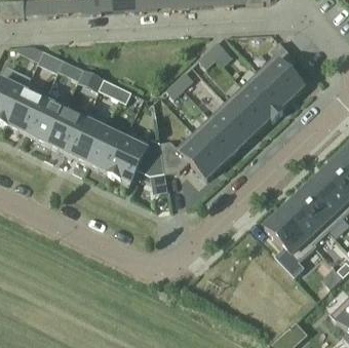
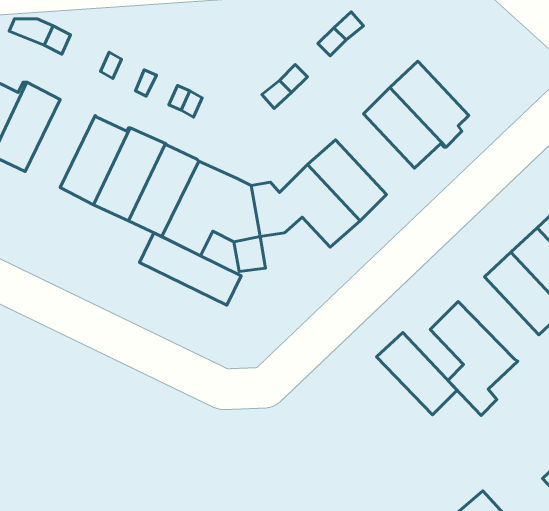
building: [257,42,304,102] -> none
building: [27,92,68,144] -> none
building: [208,101,255,148] -> none
building: none -> [140,233,241,305]
building: [280,196,327,244] -> [376,332,457,415]

